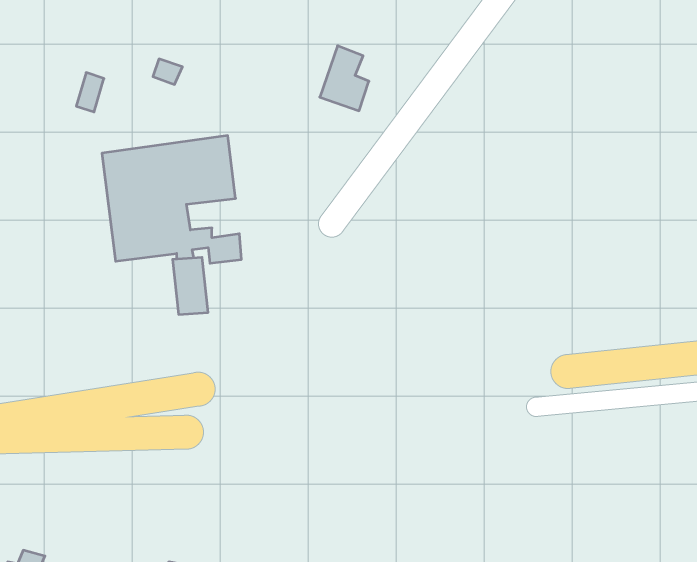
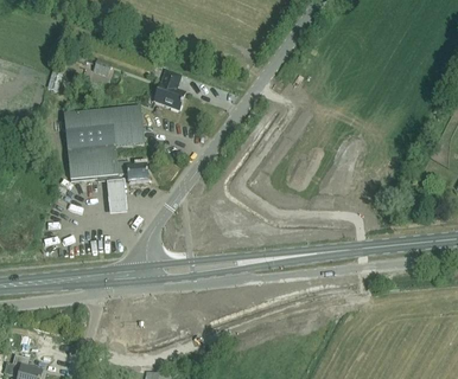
building: [320,46,369,111] -> [154,69,184,108]

